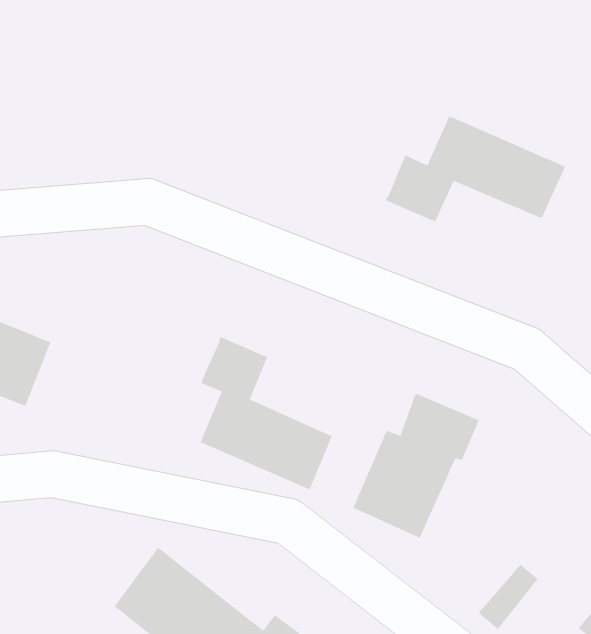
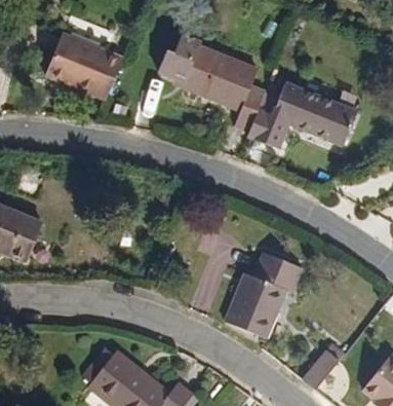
building: none -> [161,33,265,131]
building: none -> [26,36,113,101]
building: [200,336,333,490] -> none

